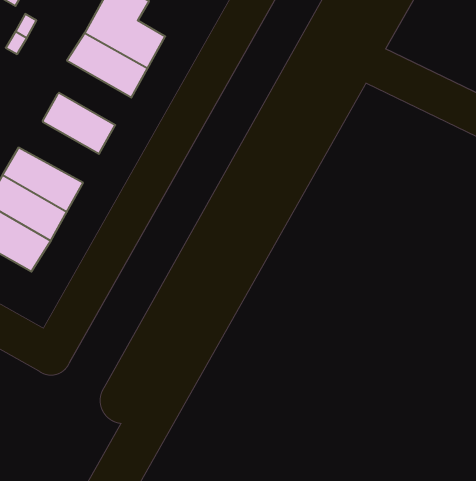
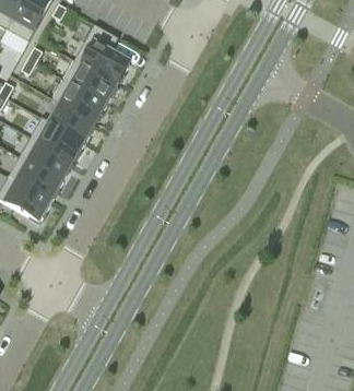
building: none -> [52,76,107,120]
building: none -> [31,115,85,159]

